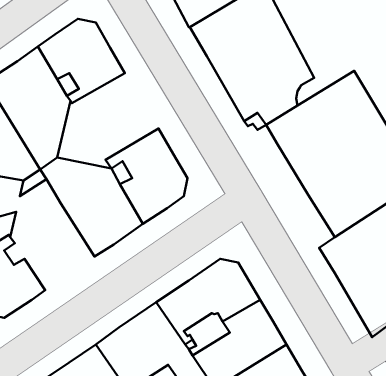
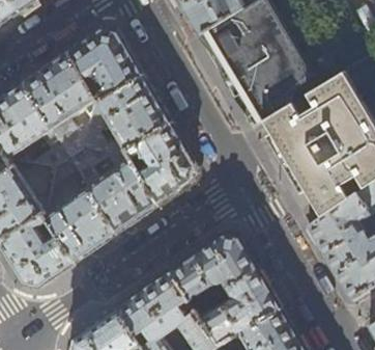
building: none -> [83,76,170,158]
building: none -> [42,188,115,263]

